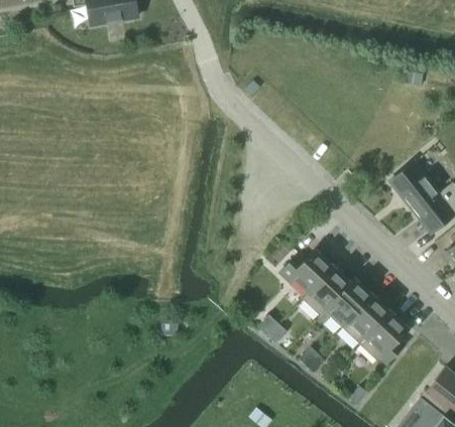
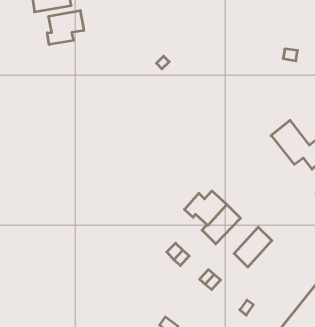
building: none -> [47,10,84,45]
building: [319,278,372,328] -> none
building: [359,312,408,365] -> none

